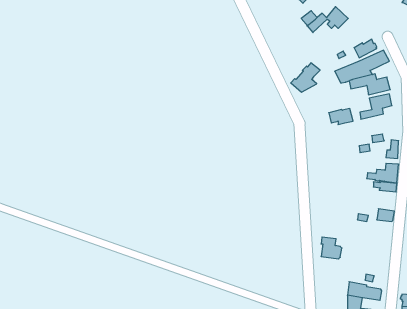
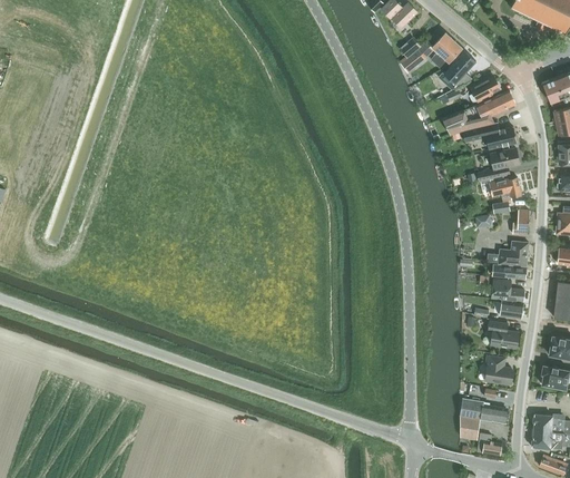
building: [291,63,320,92] -> [438,50,476,89]
building: [329,109,353,125] -> [490,177,522,198]
building: none -> [491,279,524,301]
building: none -> [489,321,519,349]
building: [321,237,342,259] -> [485,355,513,384]

